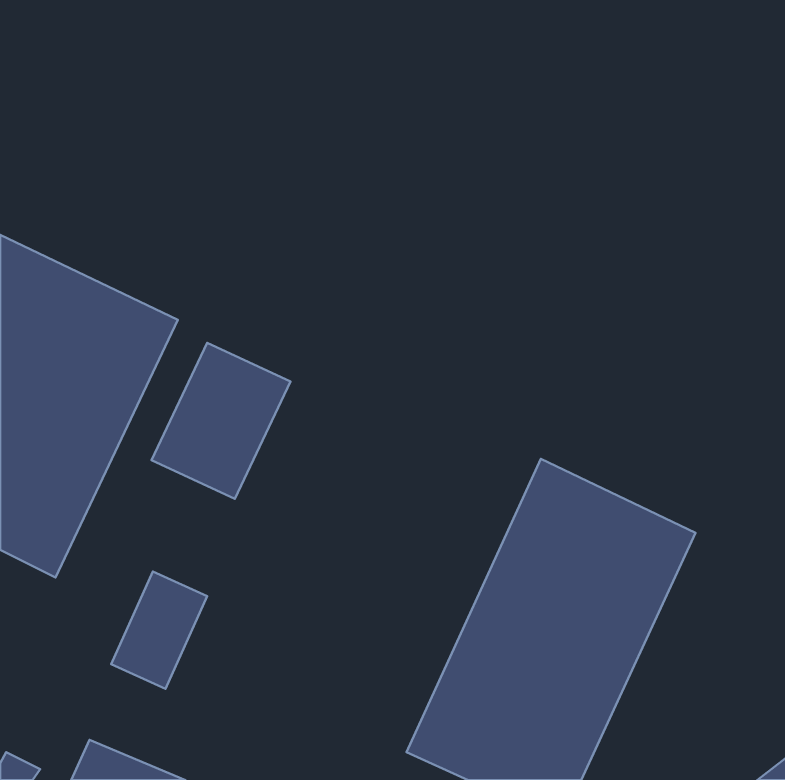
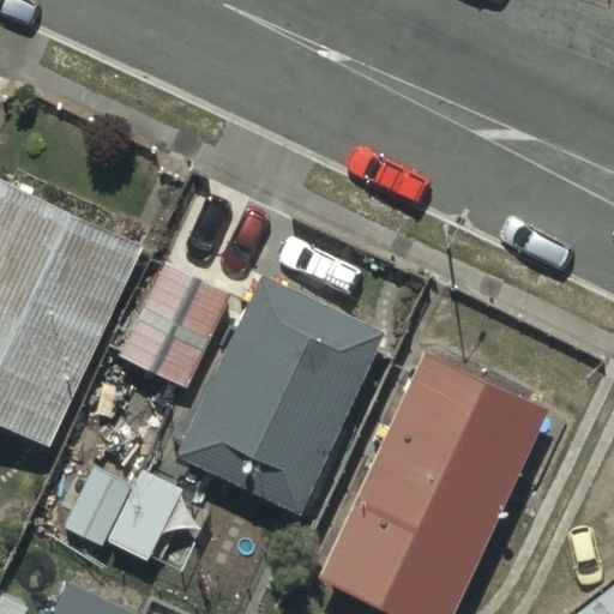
building: none -> [176,283,381,517]

